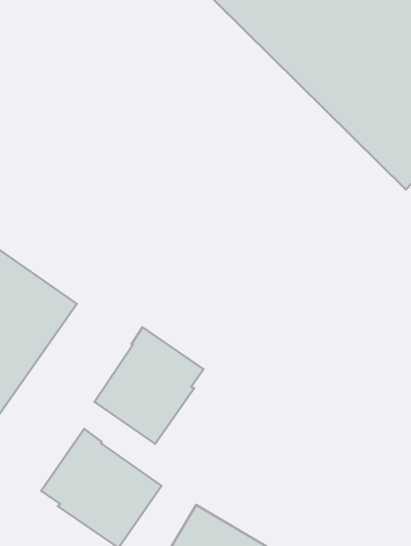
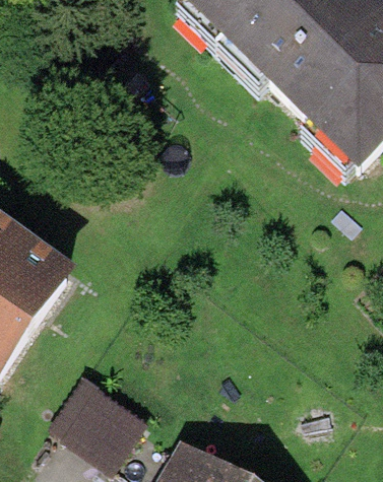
building: [94,327,203,444] -> none

